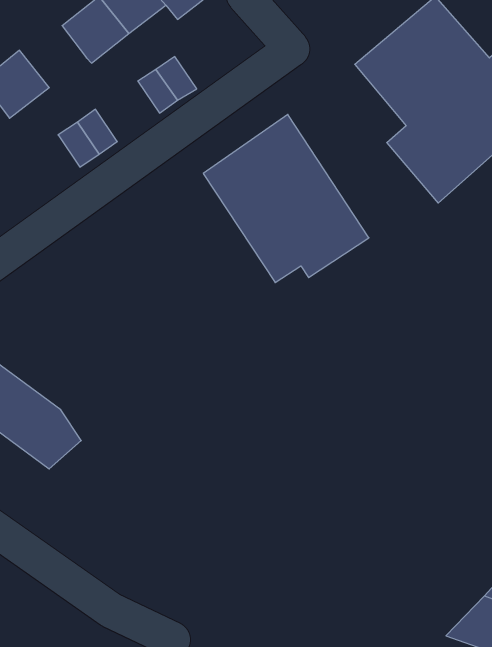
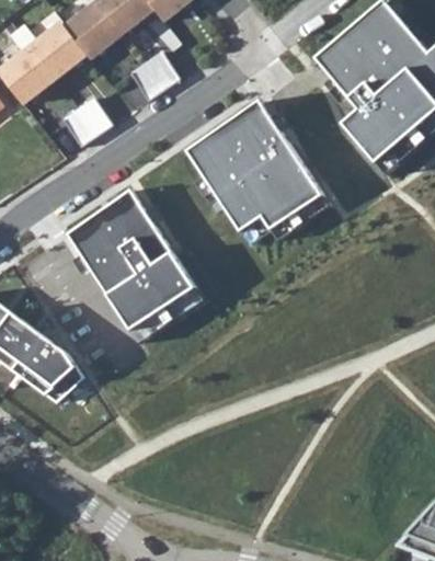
building: none -> [30,20,87,77]
building: none -> [66,190,205,342]

